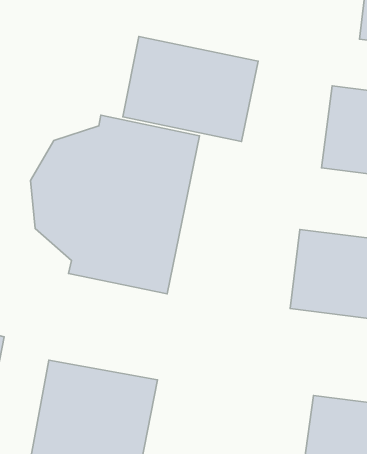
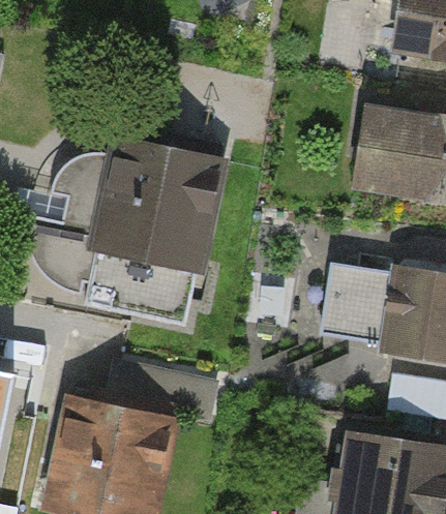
building: [123,36,258,141] -> none

